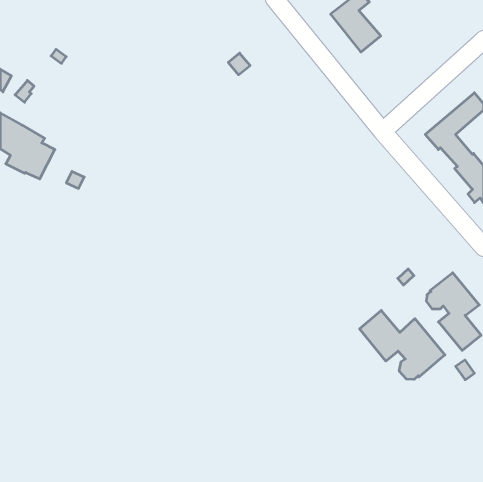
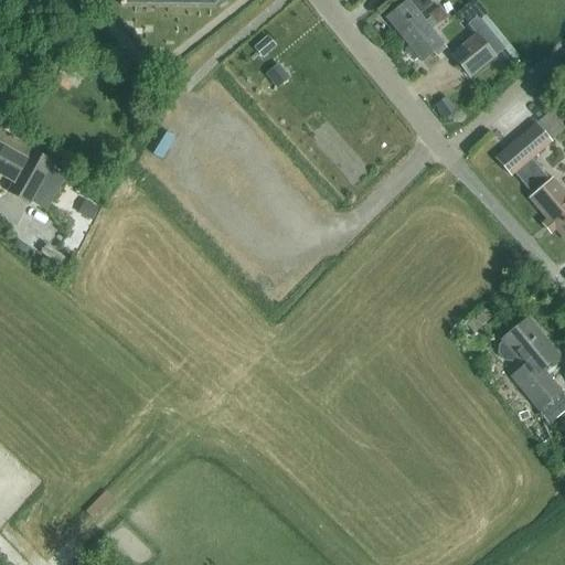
building: none -> [450,11,510,77]
building: [360,310,445,379] -> none

